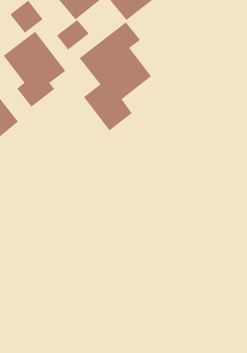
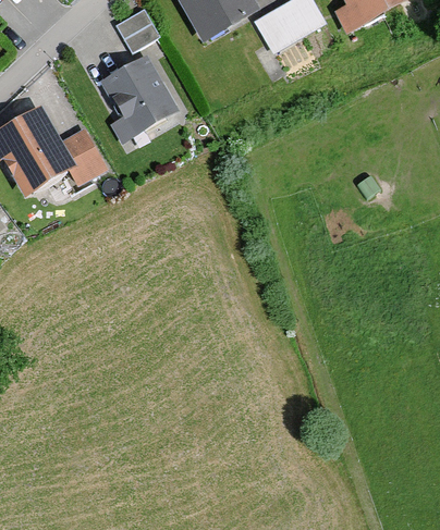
building: [56,19,89,51] -> none
building: [79,21,152,131] -> none

